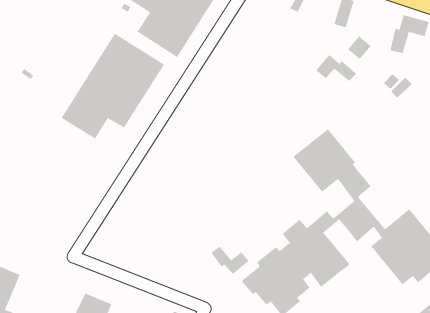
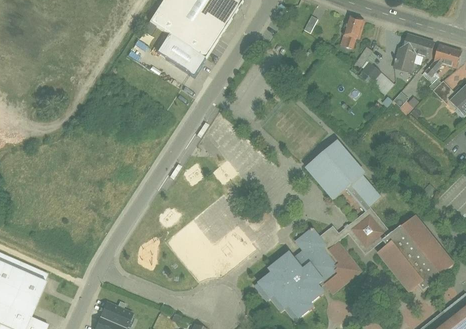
building: [61,33,165,140] -> none
building: [315,54,357,82] -> none
building: [210,246,249,275] -> none

